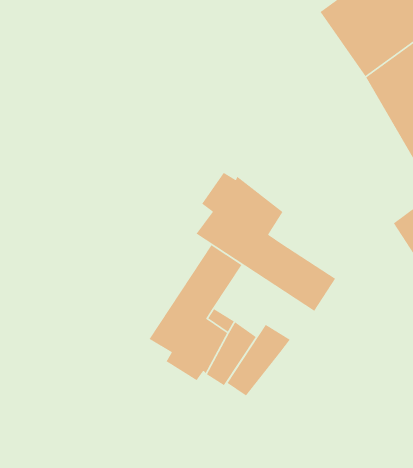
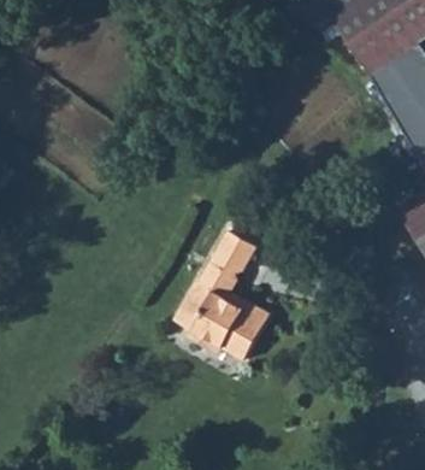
building: [195,172,336,312] -> none
building: [226,324,291,396] -> none

